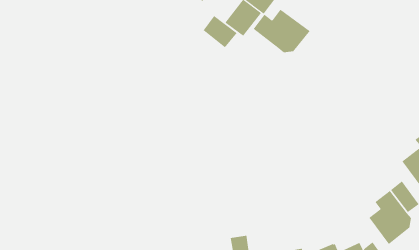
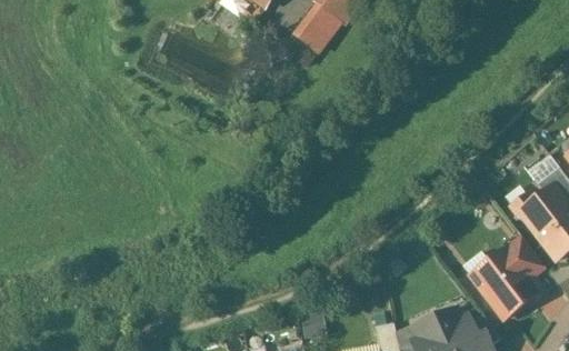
building: [253,9,310,53] -> none
building: [203,15,237,48] -> none

